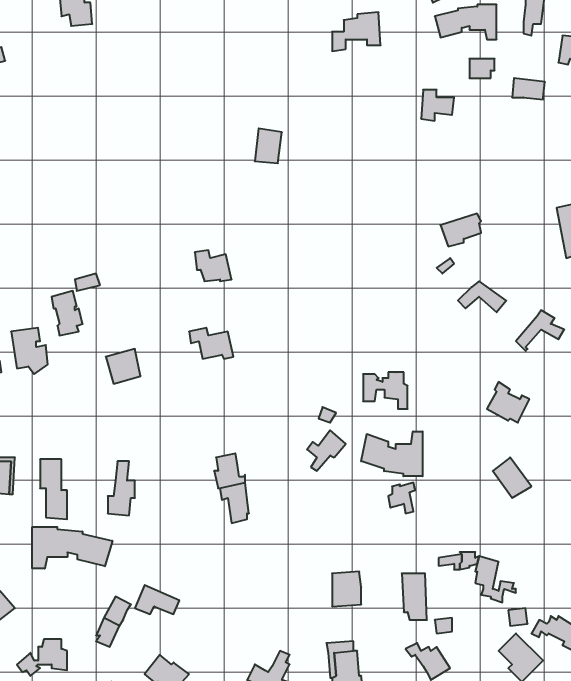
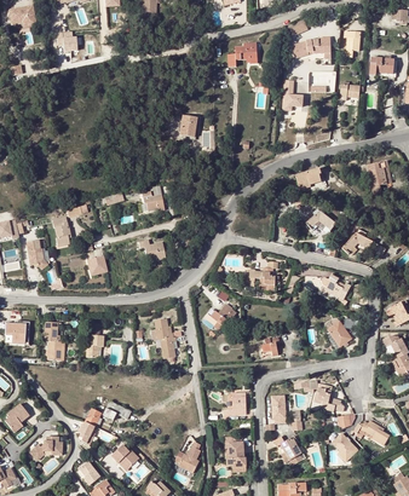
building: [361,431,423,476] -> none
building: [32,527,112,569] -> none

